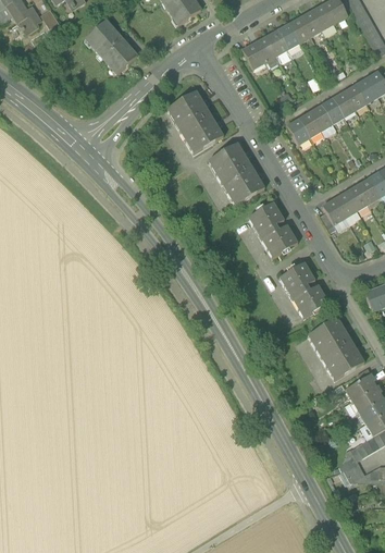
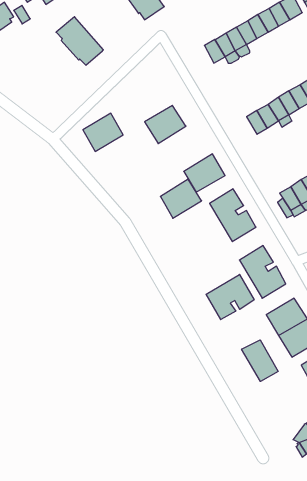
building: [166,90,209,131] -> [83,113,123,151]
building: [208,142,251,183] -> [160,179,202,218]
building: none -> [206,274,254,320]
building: none -> [242,340,278,381]

